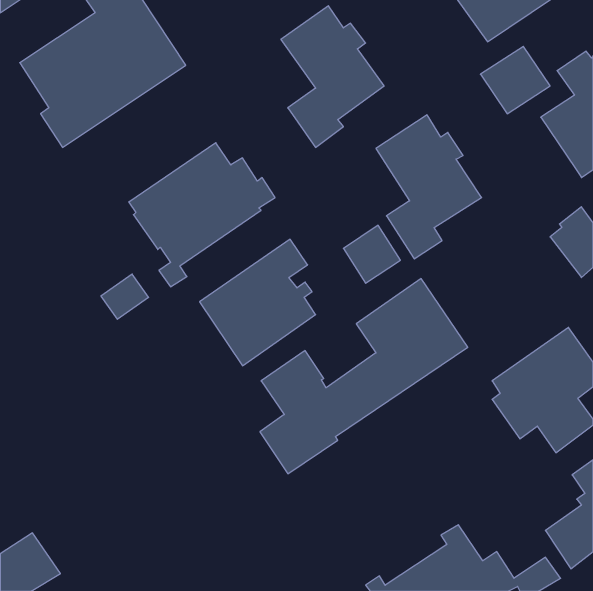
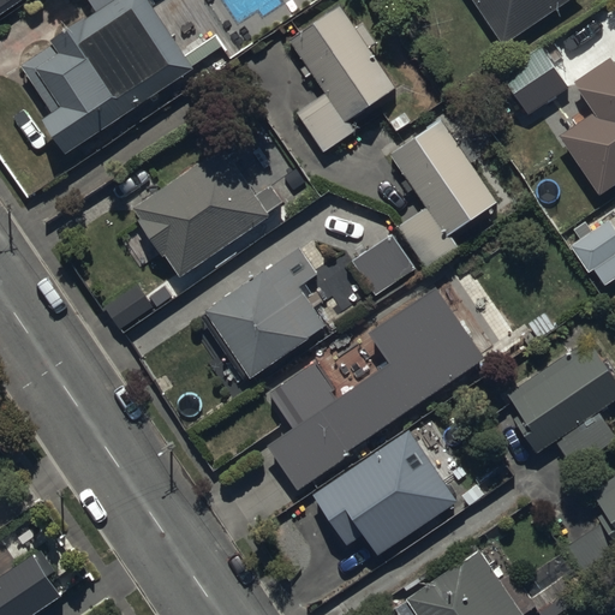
building: none -> [314,431,456,556]

